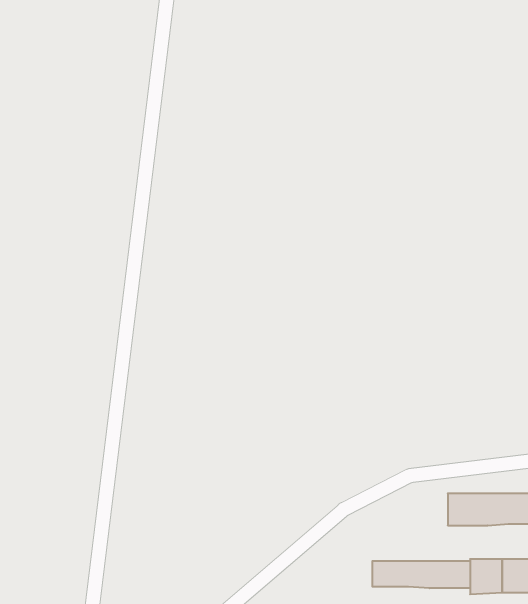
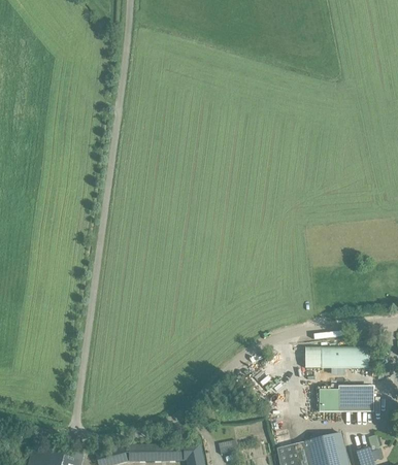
building: [372,561,470,588] -> none

